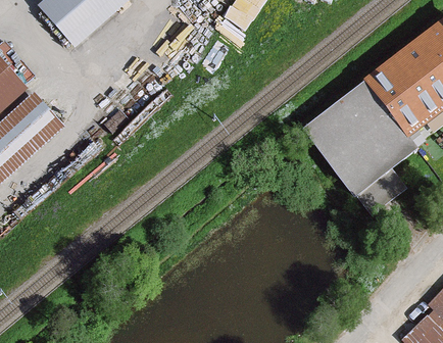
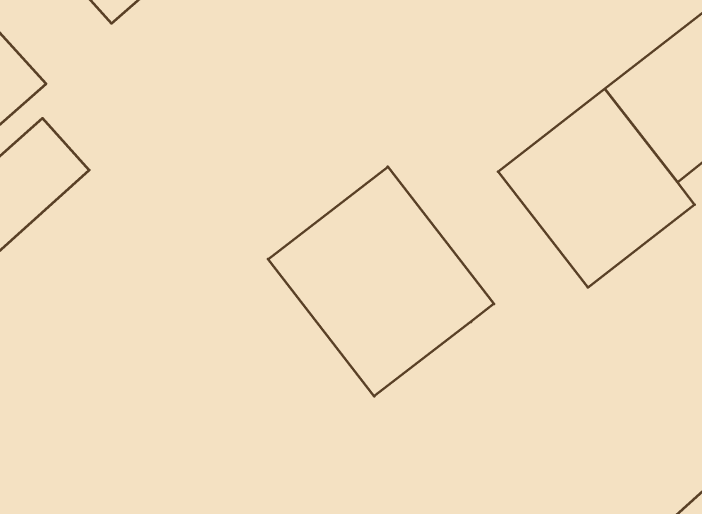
building: none -> [268,167,494,396]

